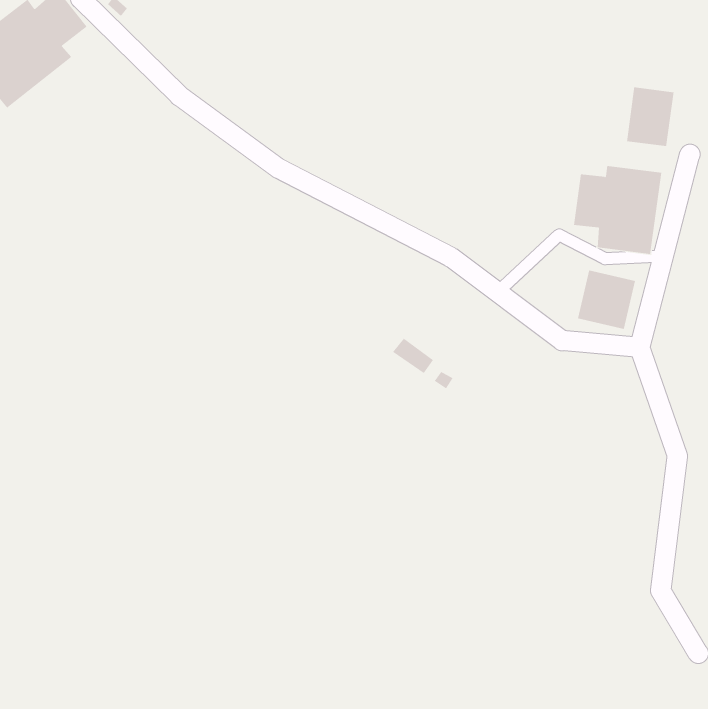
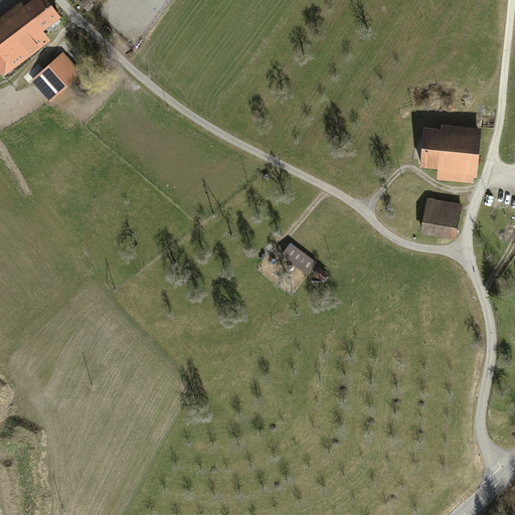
building: none -> [31,50,82,101]
building: [626,87,674,147] -> none

